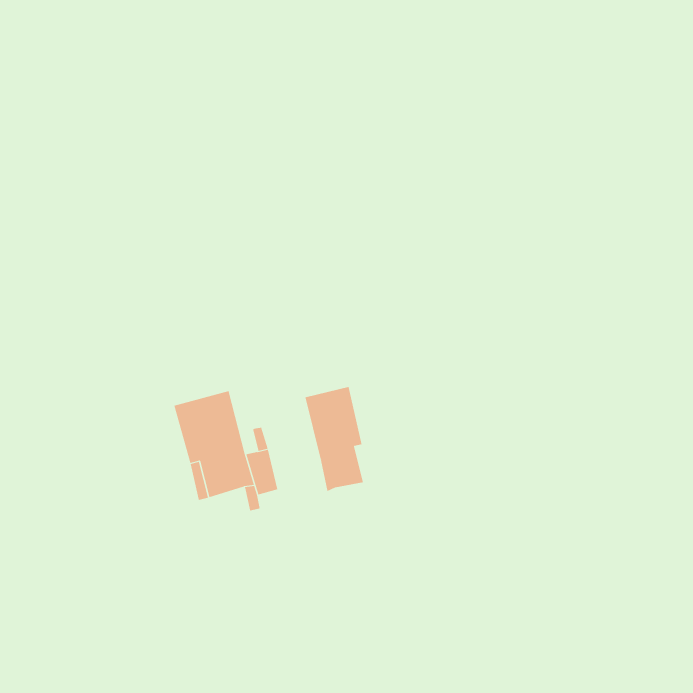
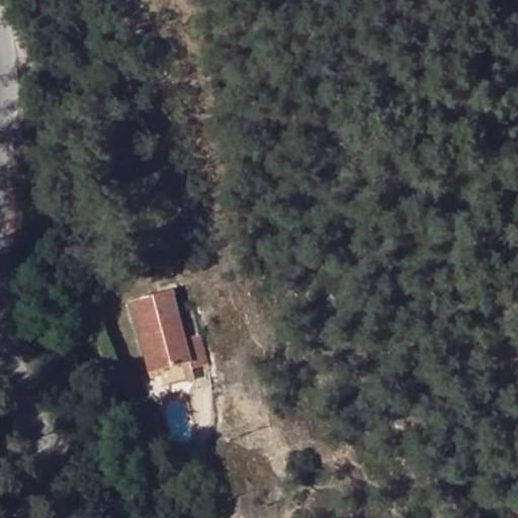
building: [305,386,364,492] -> none

